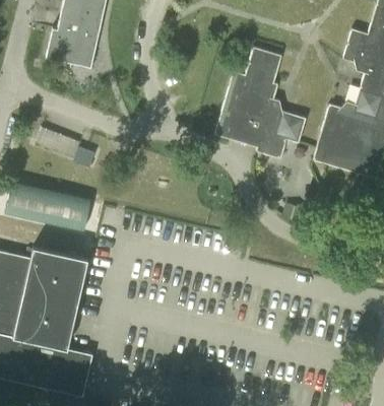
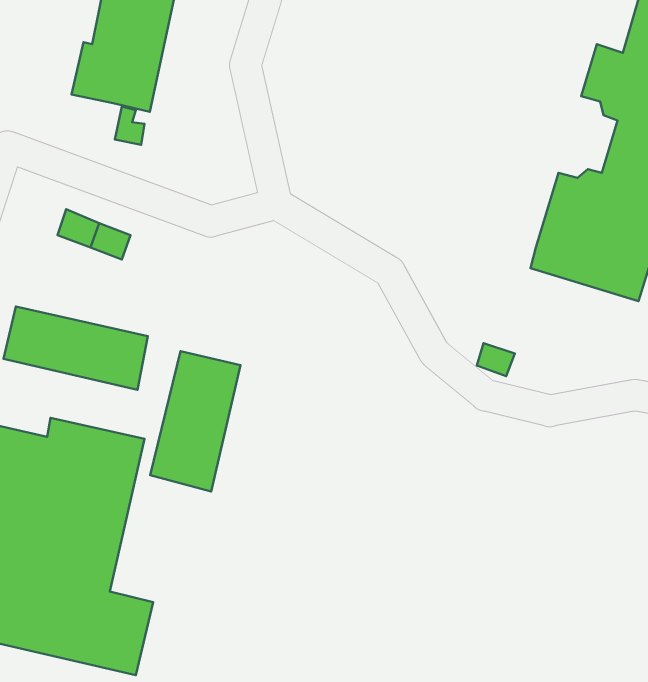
building: [215,47,307,158] -> none
building: none -> [150,351,240,491]

